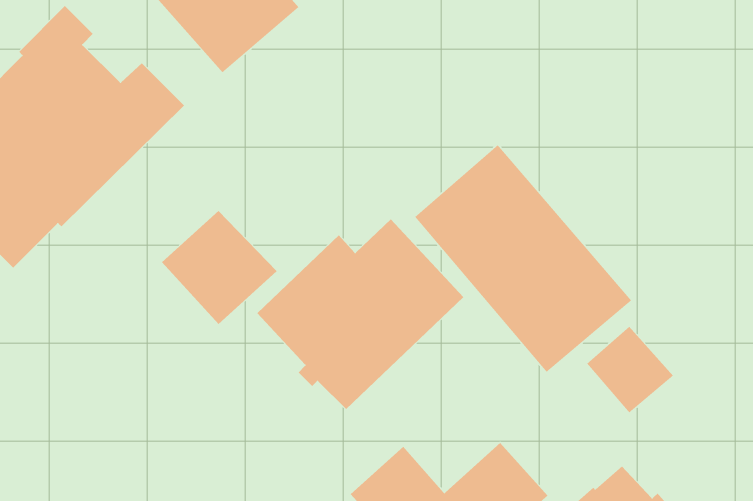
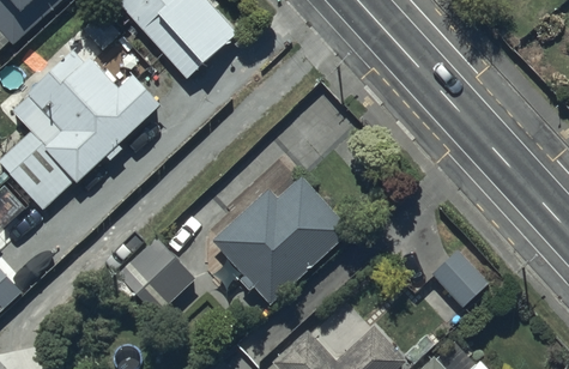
building: [414,144,632,373] -> none
building: [161,210,278,325] -> [117,238,195,315]

